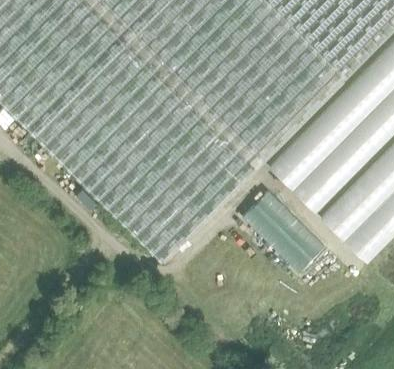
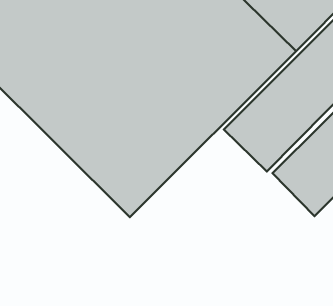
building: [241,186,325,271] -> none

